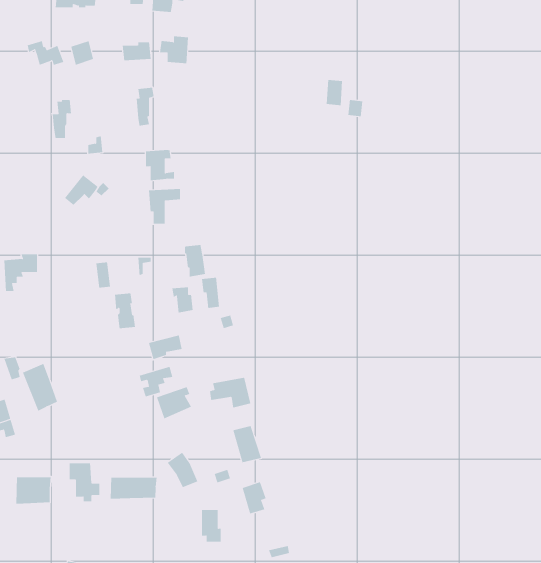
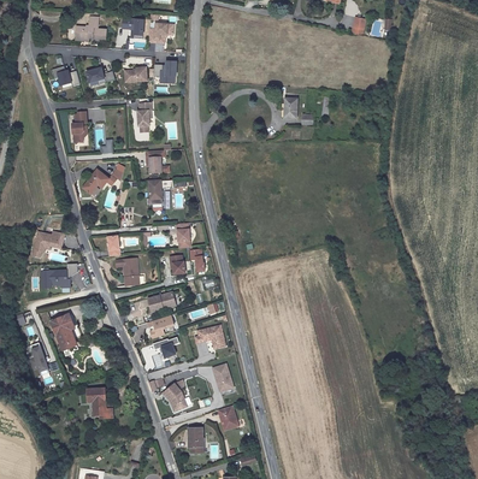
building: none -> [41,262,78,288]
building: [16,476,51,505] -> none
building: [110,477,157,499] -> none

